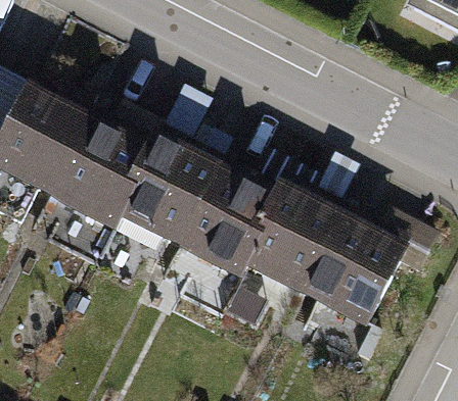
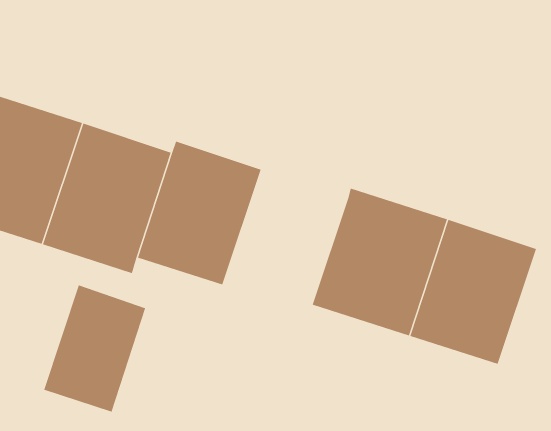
building: [189,169,288,279] -> none
building: none -> [43,284,146,413]

